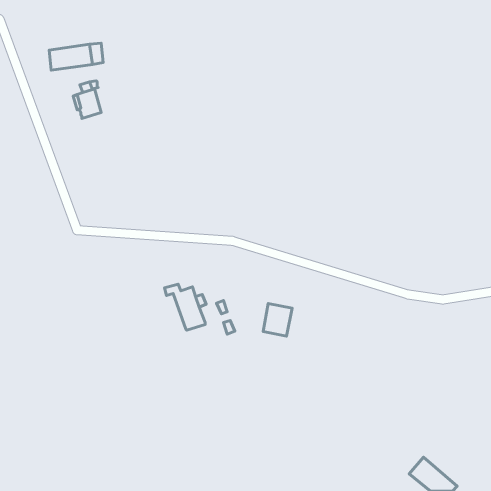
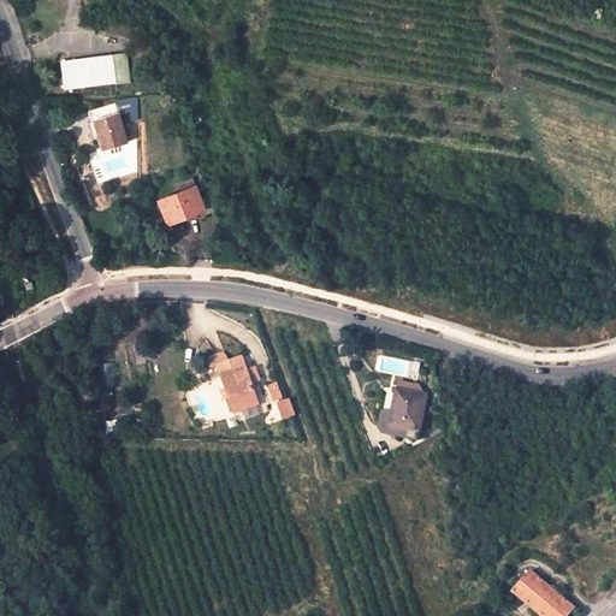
building: none -> [159,185,203,223]
building: [263,303,292,336] -> [389,390,425,431]

